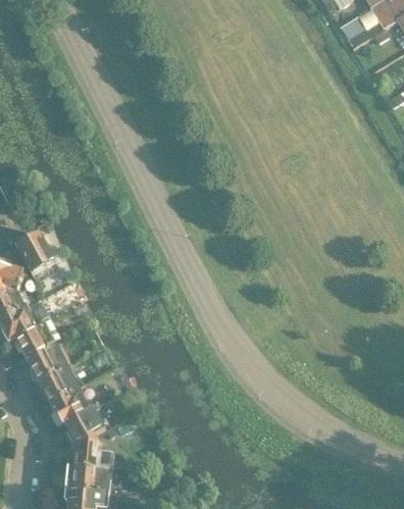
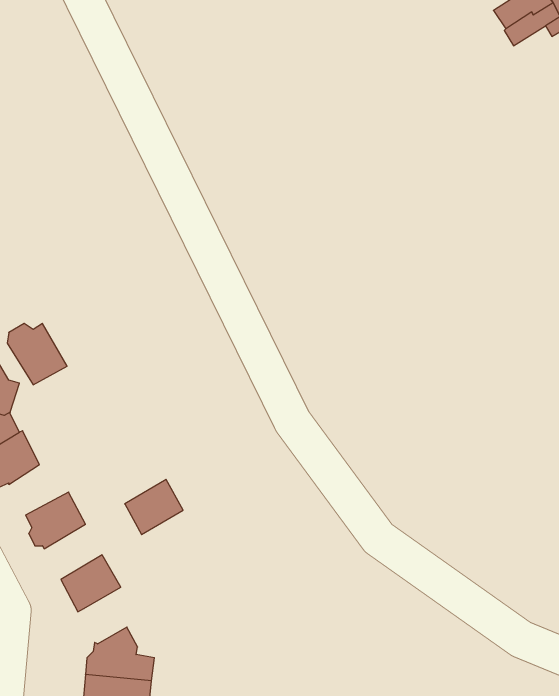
building: [16,322,56,360] -> none
building: [40,366,79,403] -> [125,479,183,535]
building: [66,407,105,446] -> none

